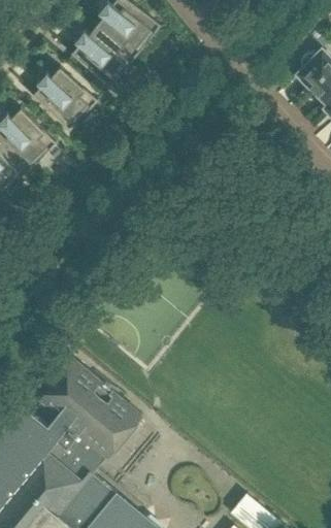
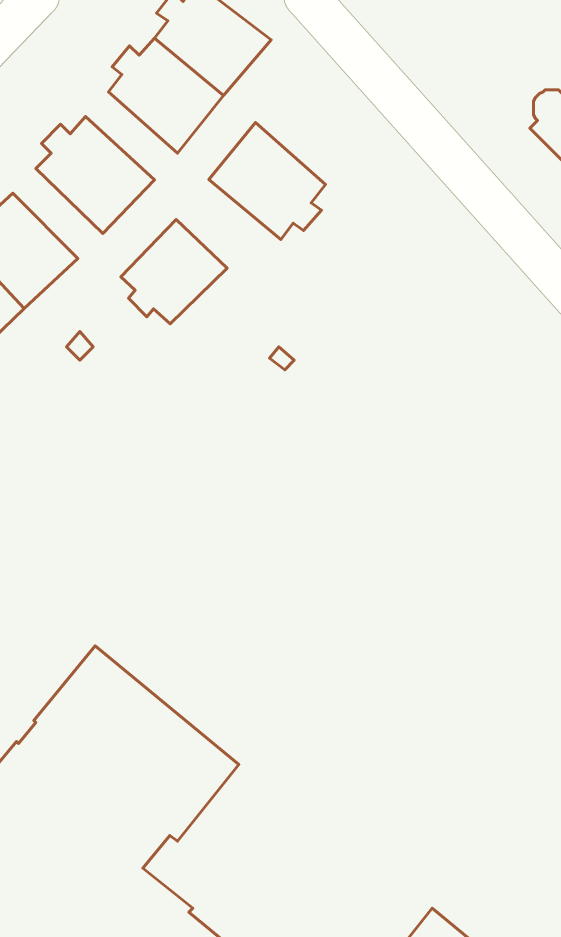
building: none -> [209,123,326,239]
building: none -> [121,219,227,324]

